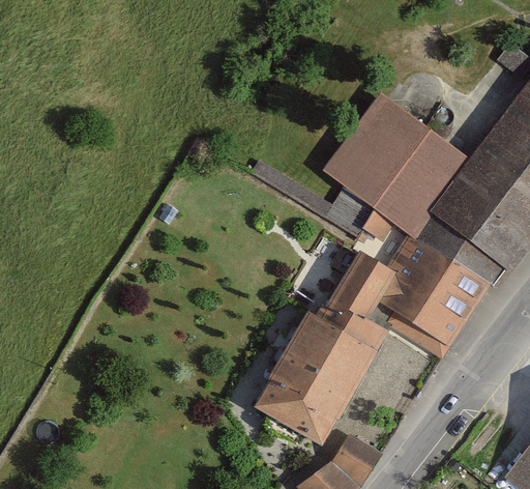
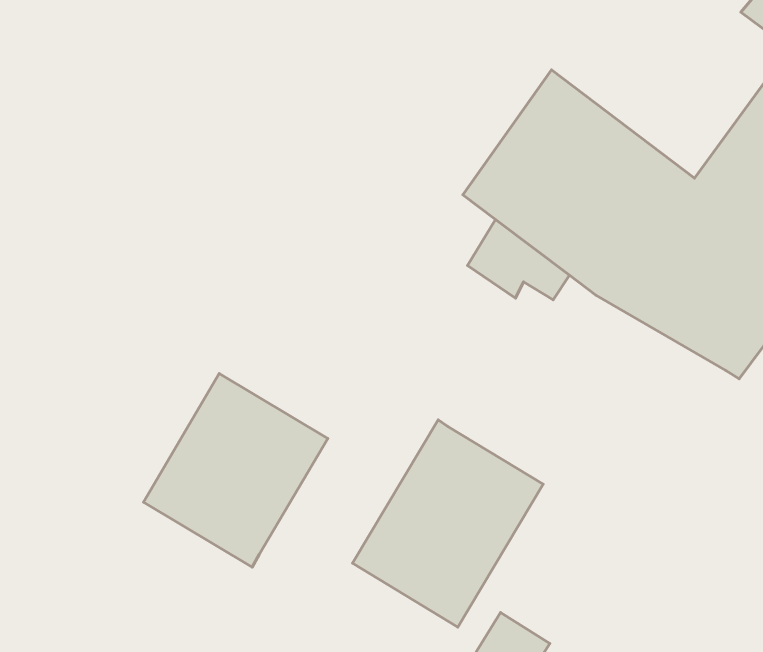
building: [316,233,491,356] -> none
building: none -> [143,374,328,567]

